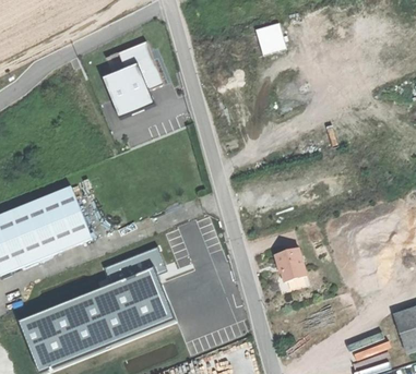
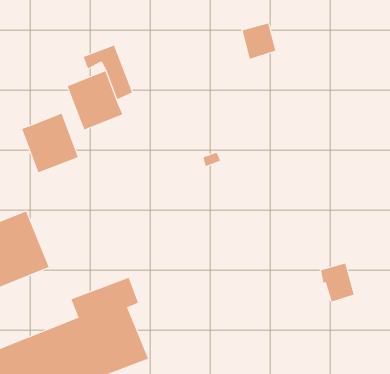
building: none -> [21,113,79,173]
building: [273,246,304,281] -> [320,263,355,302]

